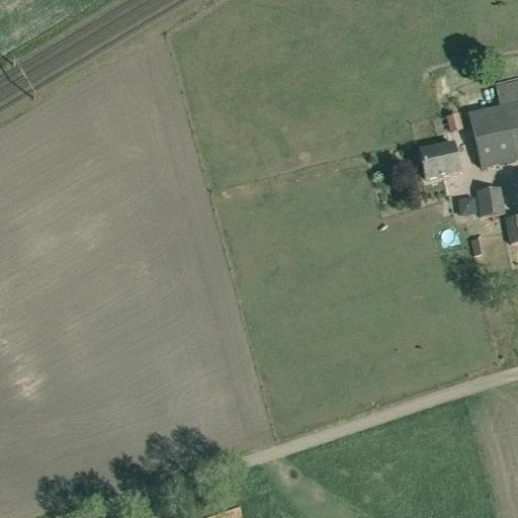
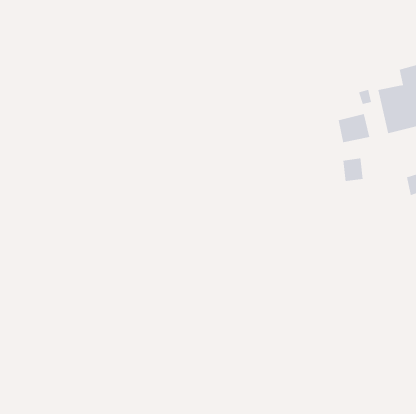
building: [477,187,503,217] -> [342,158,364,182]

